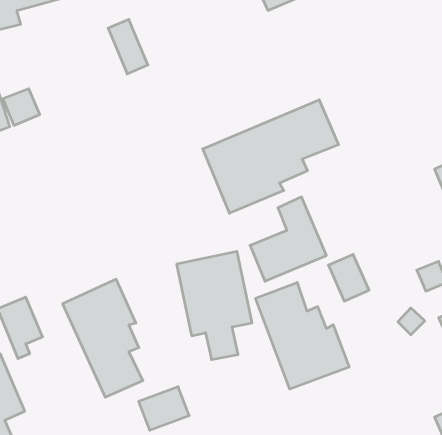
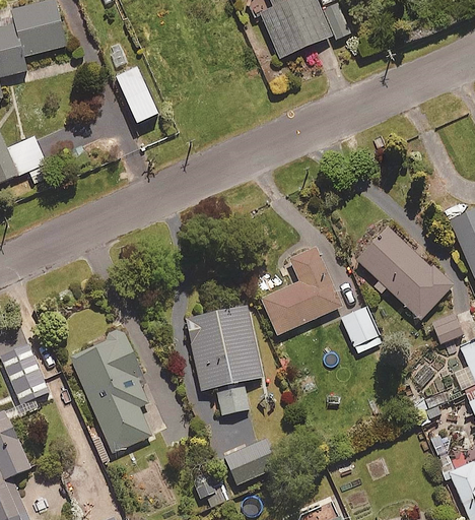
building: [203,100,339,213] -> none
building: none -> [356,226,451,319]
building: [256,282,349,389] -> none
building: [139,387,189,430] -> [224,440,276,484]

